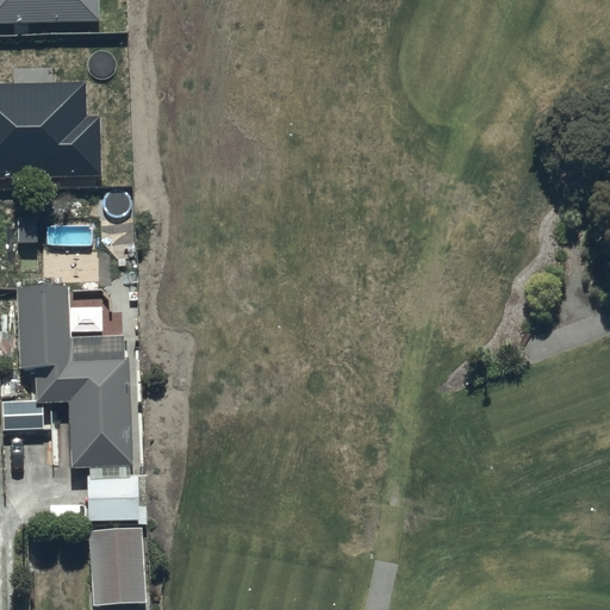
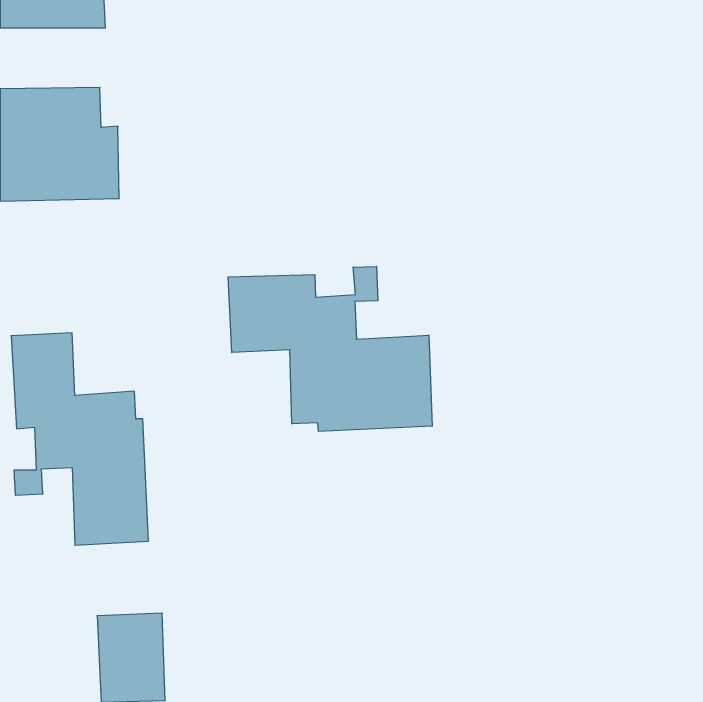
building: none -> [228,266,432,431]
building: [86,472,147,522] -> none

